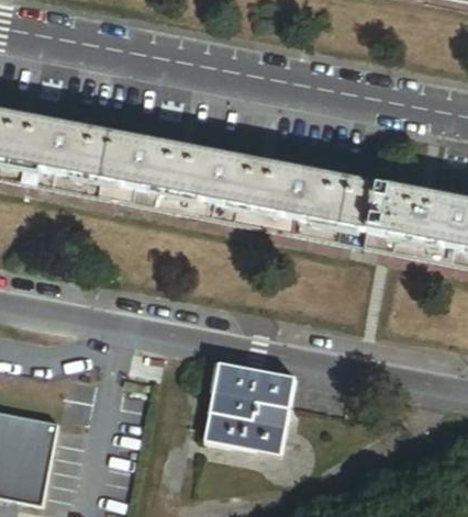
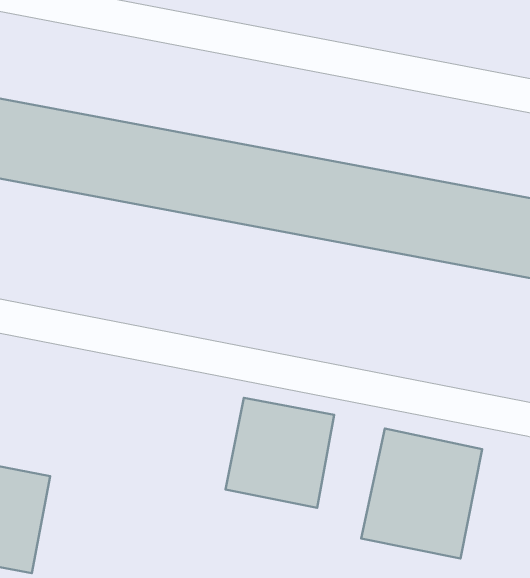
building: none -> [361,428,482,558]

